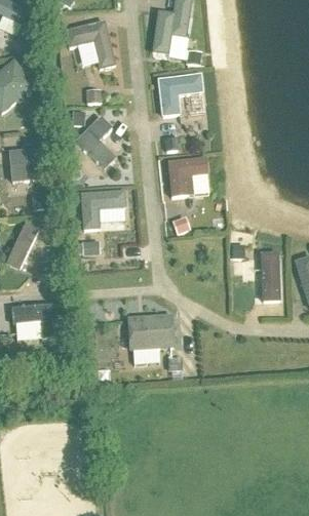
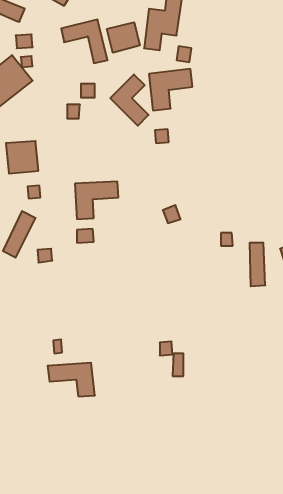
building: none -> [107,22,140,53]
building: [76,115,116,168] -> [110,74,149,126]
building: [167,158,207,196] -> none
building: [11,304,61,339] -> [48,363,95,396]
building: [126,314,173,350] -> none

